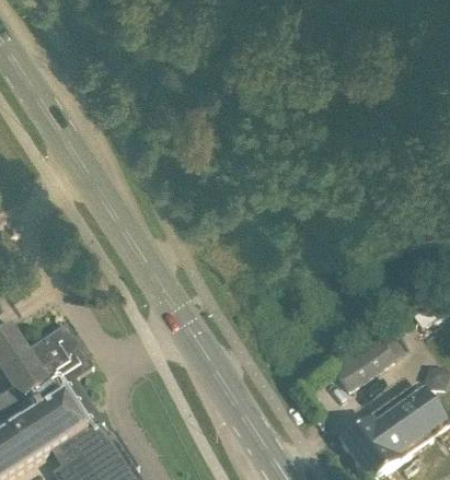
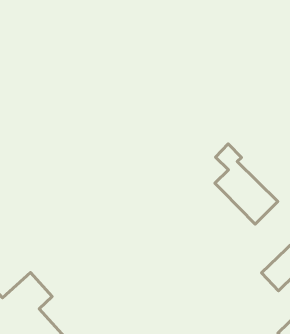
building: none -> [215,144,278,224]

